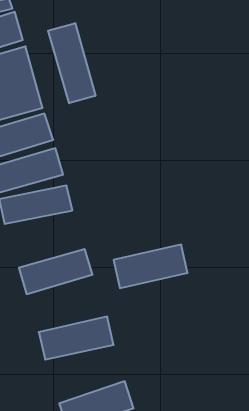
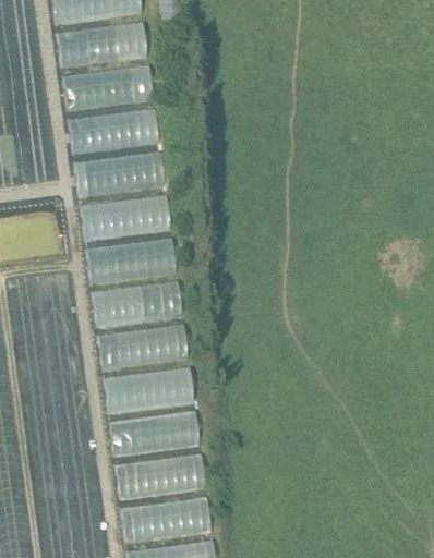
building: [48,23,95,103] -> none
building: none -> [92,283,181,326]
building: [114,245,188,288] -> [104,371,192,412]
building: none -> [116,457,204,496]

